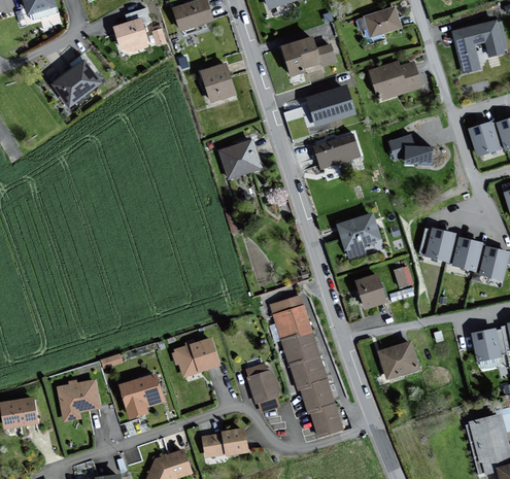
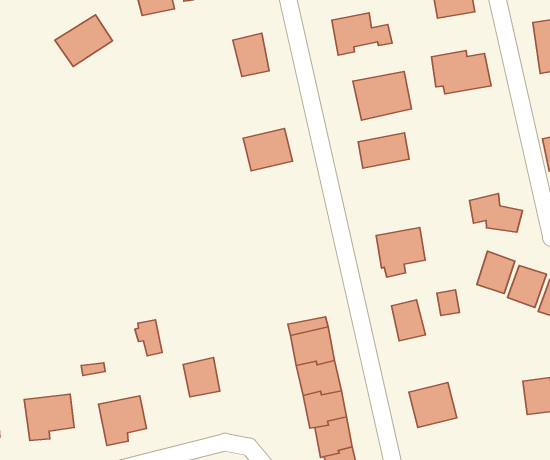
building: [388,133,434,164] -> [470,194,523,232]
building: [169,346,194,377] -> [135,320,162,356]
building: [246,363,279,411] -> none

